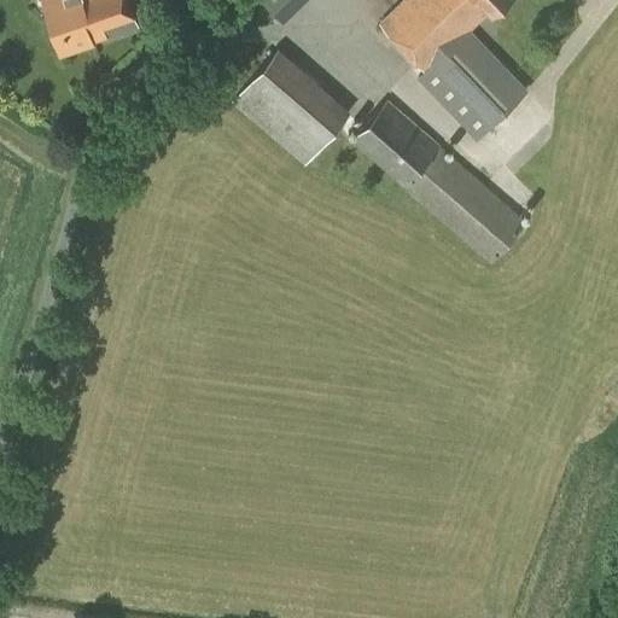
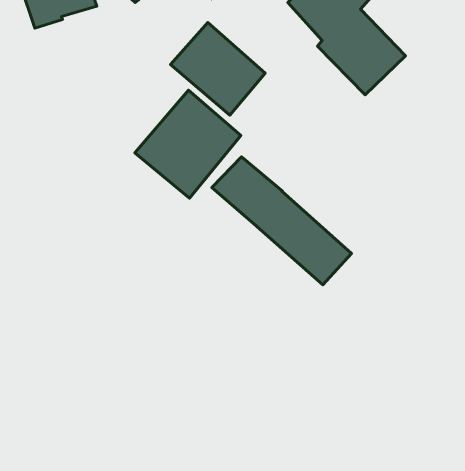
building: [351,100,527,262] -> [212,157,351,285]
building: none -> [135,90,241,198]

